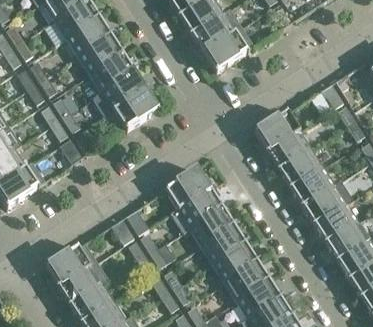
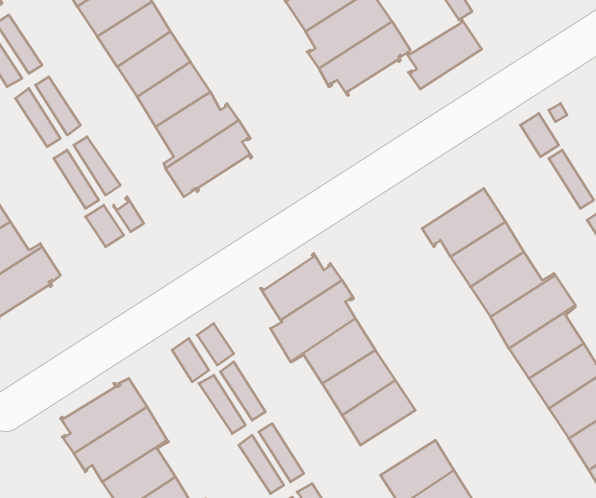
building: [253,111,298,153] -> [407,19,482,89]
building: [224,262,269,301] -> none

